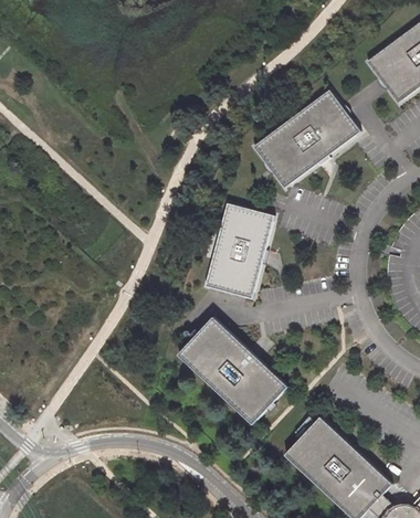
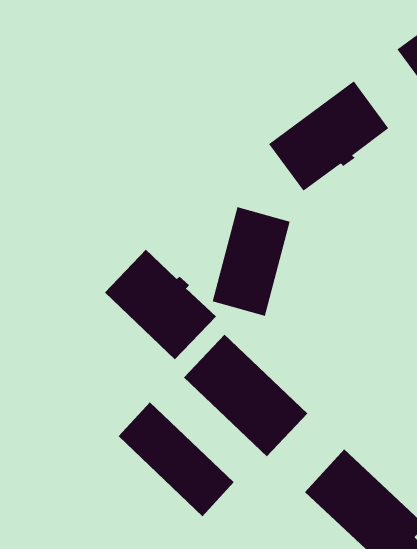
building: none -> [104,249,217,360]
building: none -> [118,401,234,517]

